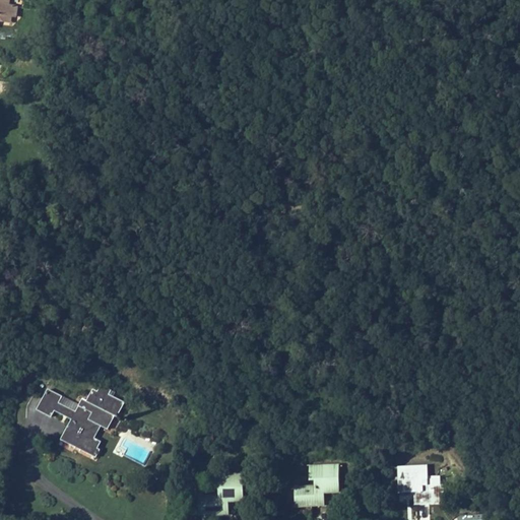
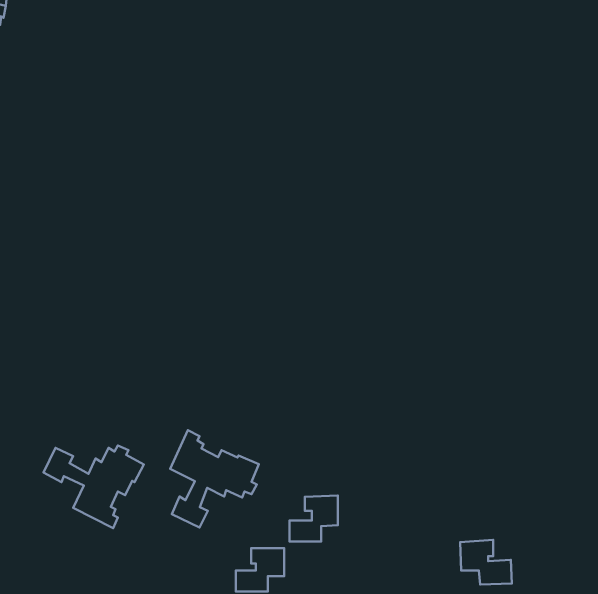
building: none -> [170,430,259,528]
building: [295,466,336,506] -> [289,496,338,542]

